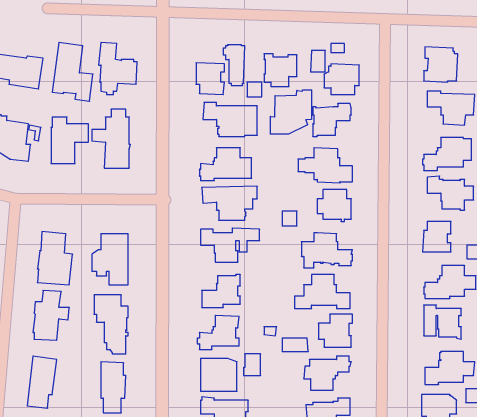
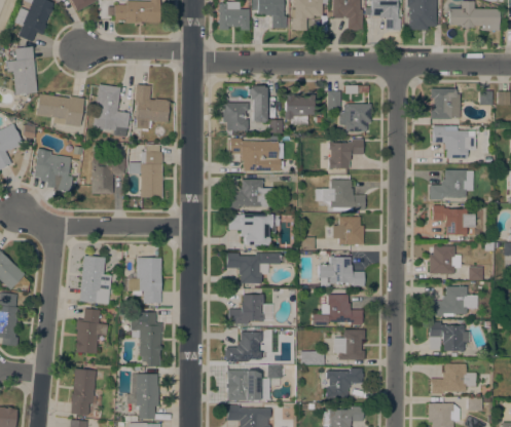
building: [270,90,312,134] -> none

